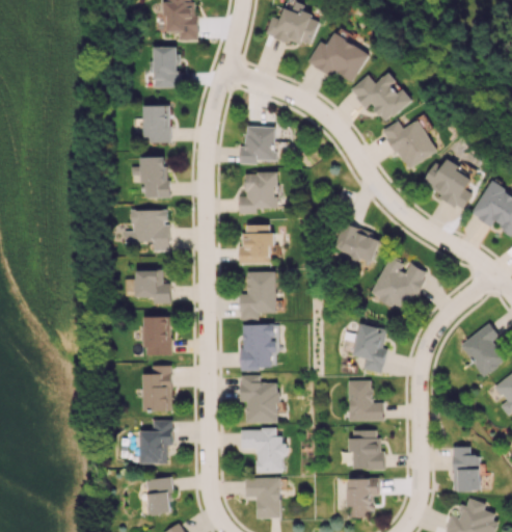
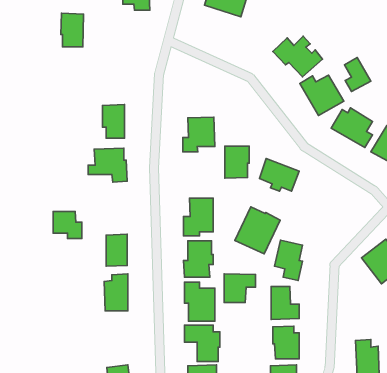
building: [308,32,369,85] -> none
building: [151,46,179,87] -> [61,13,84,47]
building: none -> [344,58,371,91]
building: [142,106,170,141] -> none
building: [240,126,276,164] -> none
building: [242,224,272,264] -> [225,146,249,178]
building: [370,255,426,313] -> [235,207,280,254]
building: [135,270,170,303] -> [53,211,82,238]
building: none -> [224,274,256,303]
building: [139,421,172,463] -> none

